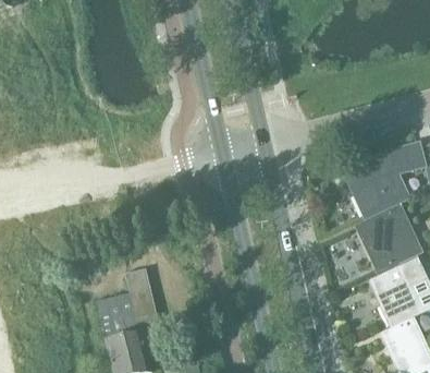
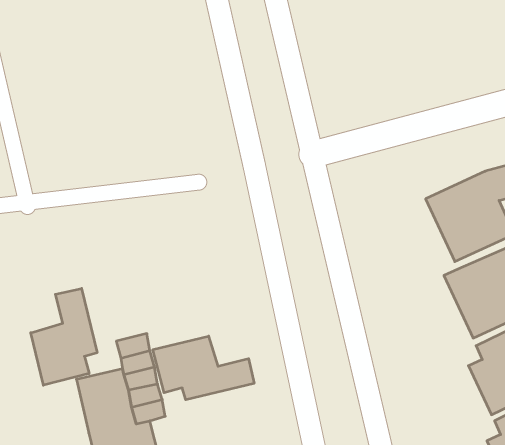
building: none -> [31,288,97,385]
building: none -> [153,336,254,400]

